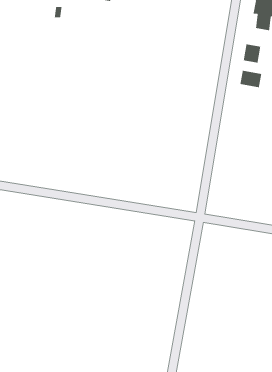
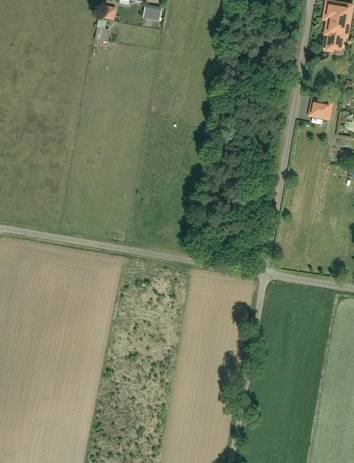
building: [243,43,261,64] -> none

